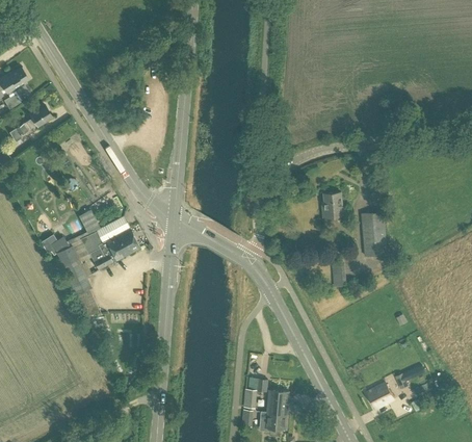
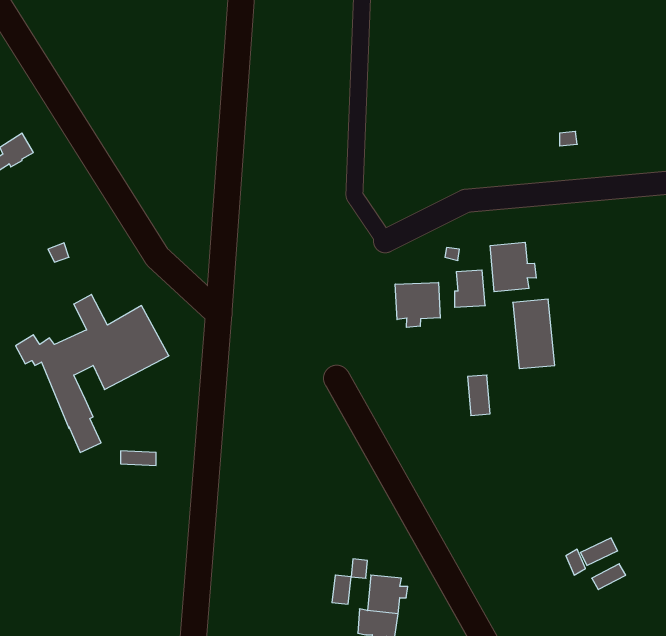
building: none -> [490,242,536,292]
building: none -> [395,282,440,327]
building: [366,382,393,409] -> none

